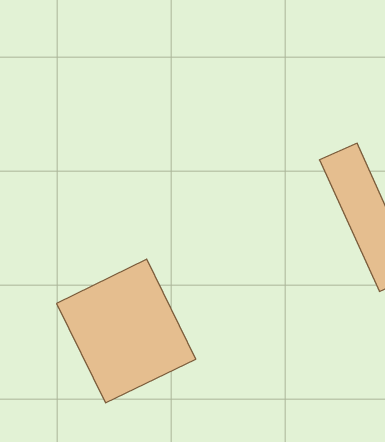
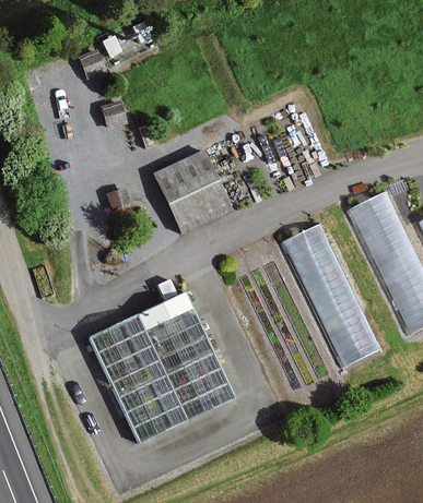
building: none -> [153,157,227,236]
building: none -> [282,218,379,363]

